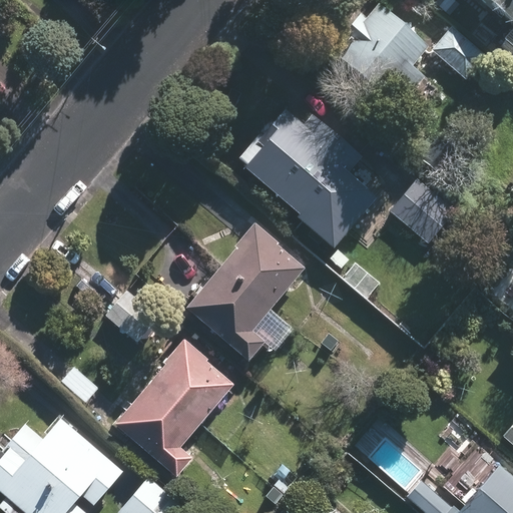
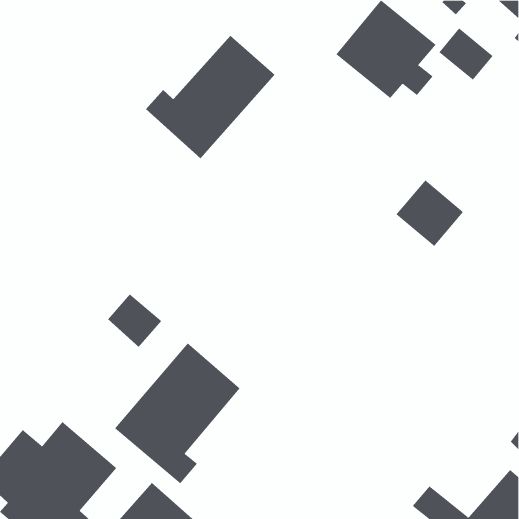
building: none -> [145,35,276,159]
building: [239,108,387,249] -> none
building: [186,223,308,361] -> none

